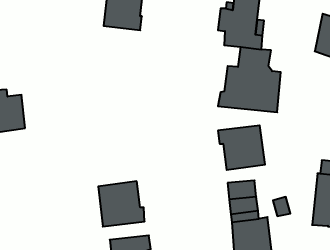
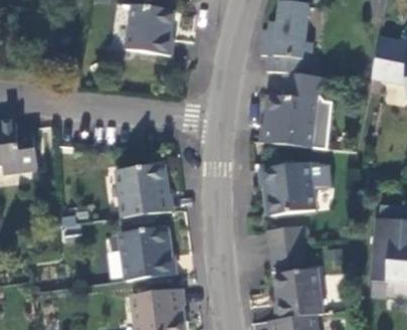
building: none -> [119,164,172,217]

